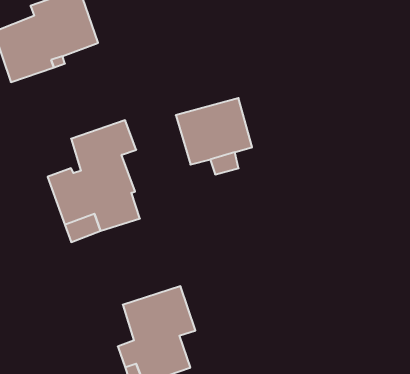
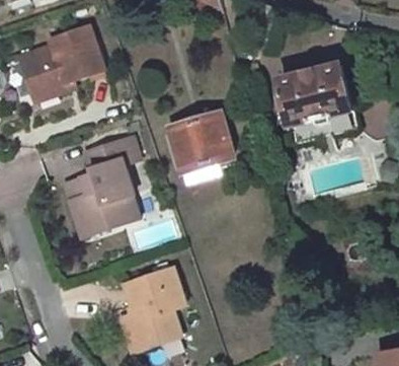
building: none -> [278,66,355,152]

